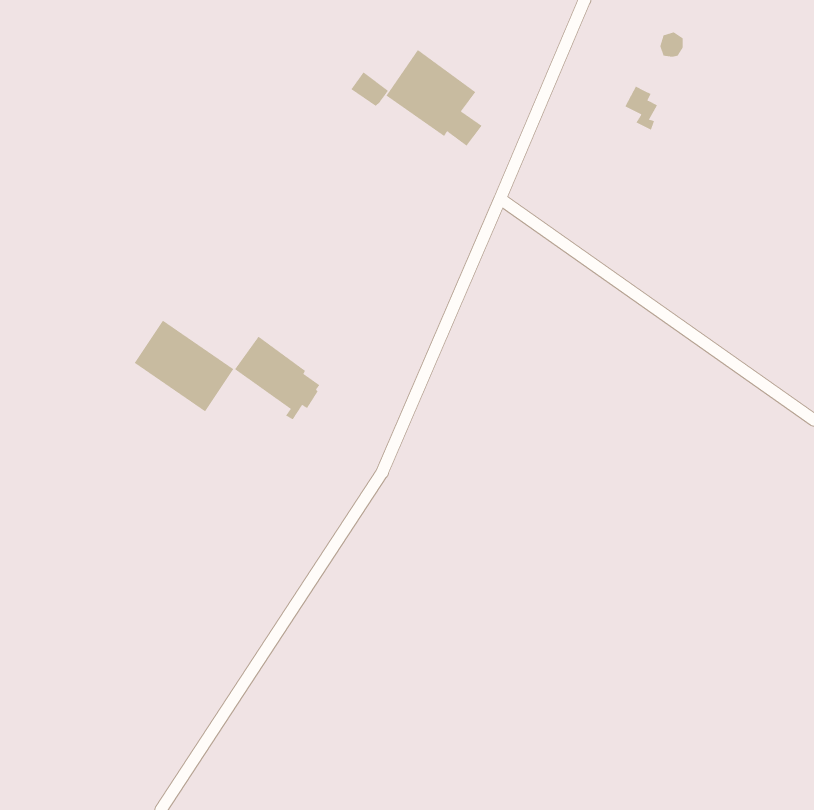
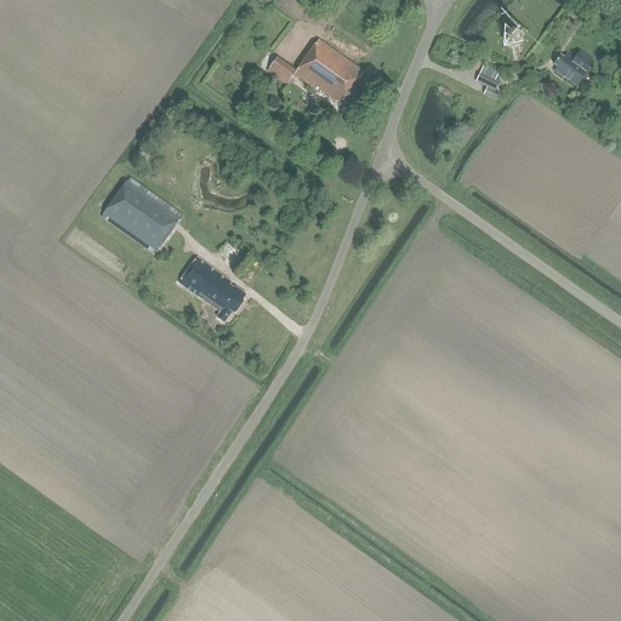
building: none -> [556,51,594,84]
building: [134,320,234,412] -> [102,180,178,250]

